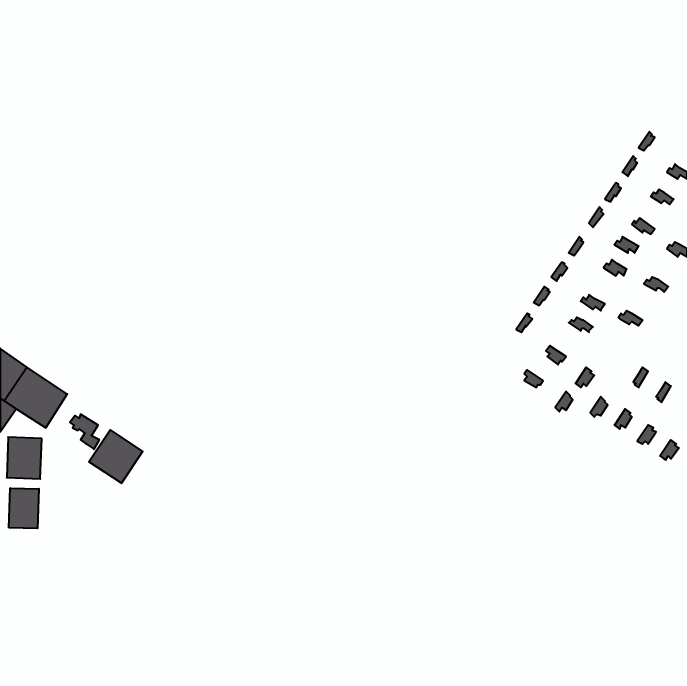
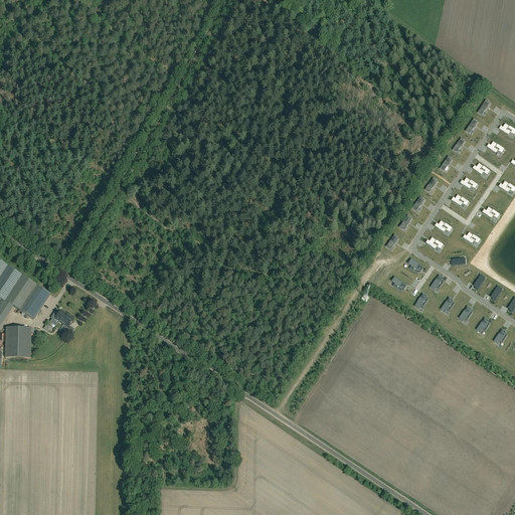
building: [89,430,143,483] -> none
building: [9,488,39,528] -> none

